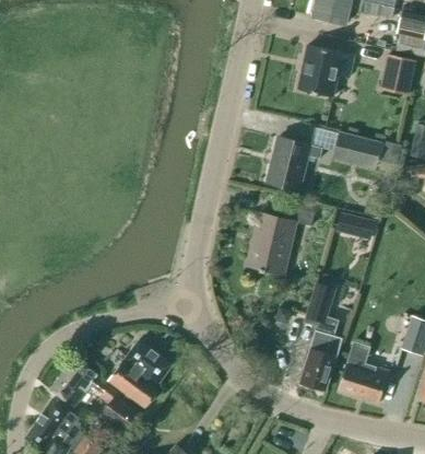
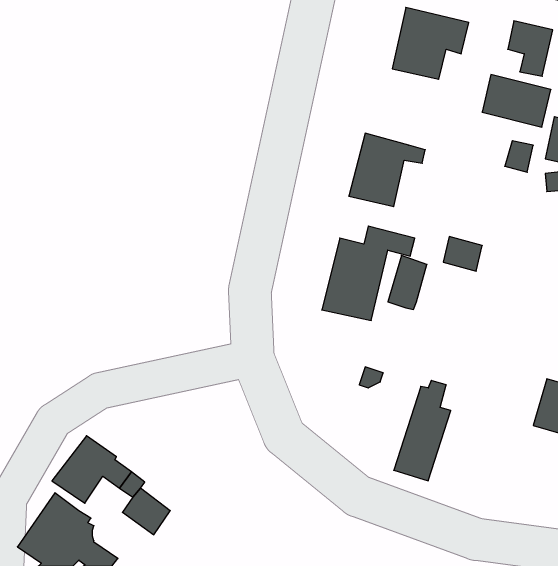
building: [331,131,381,170] -> [482,75,551,127]
building: [306,283,334,323] -> [388,255,427,309]
building: [108,340,172,408] -> none
building: [338,341,389,404] -> none

